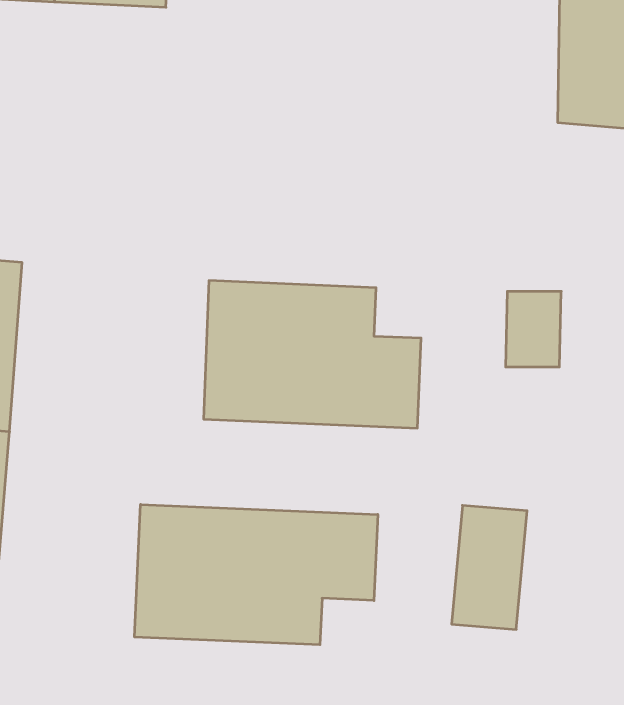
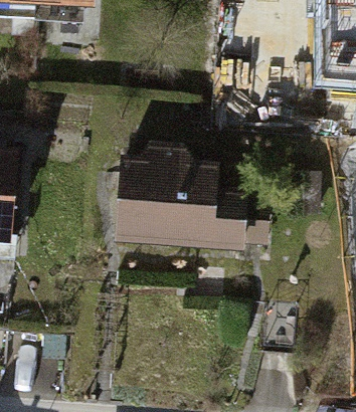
building: [135,504,378,645] -> none

